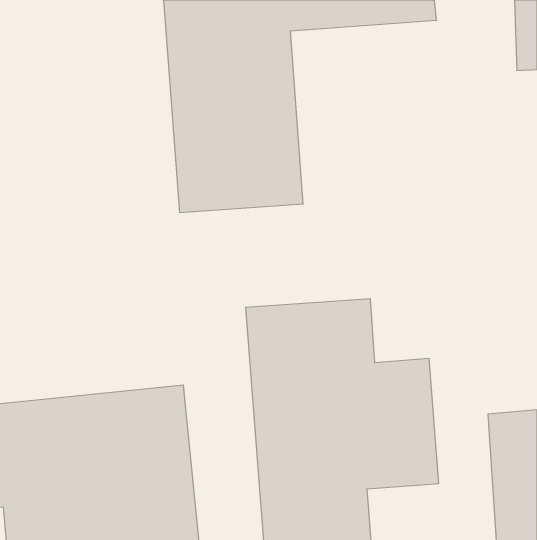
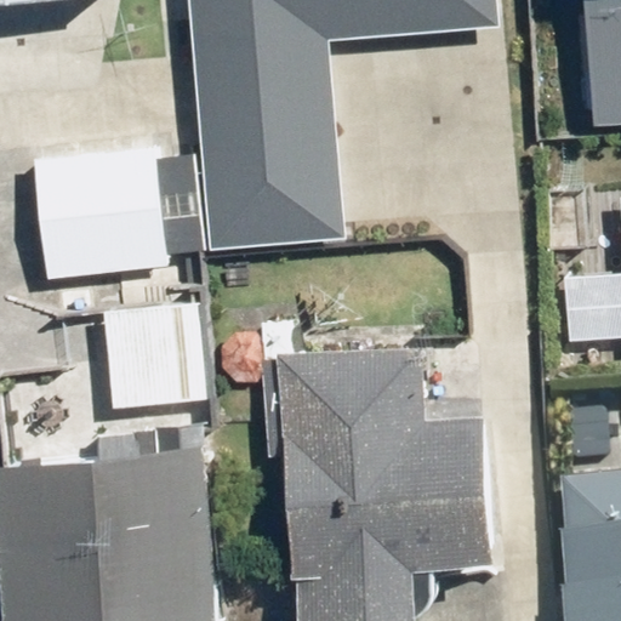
building: none -> [29,147,166,278]
building: none -> [104,301,207,408]

